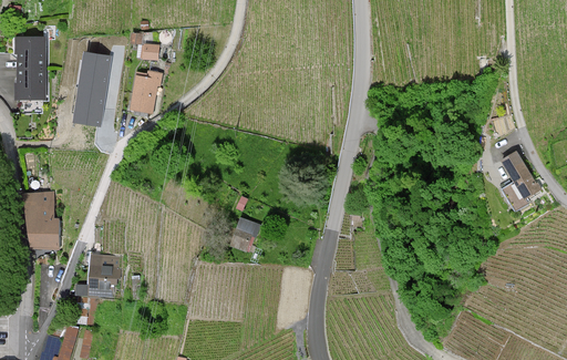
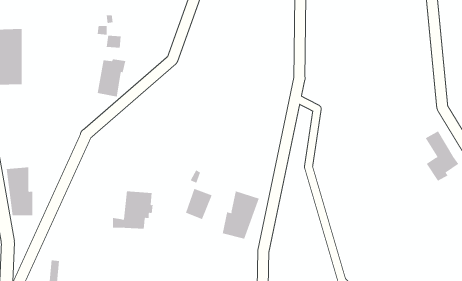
building: [75,55,109,123] -> none
building: none -> [222,190,260,239]
building: [74,254,121,297] -> [112,191,153,229]

